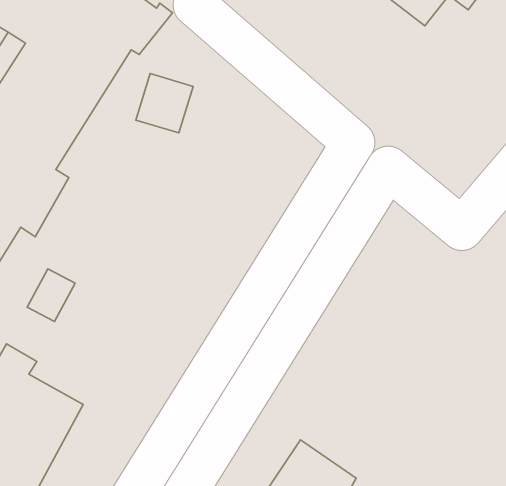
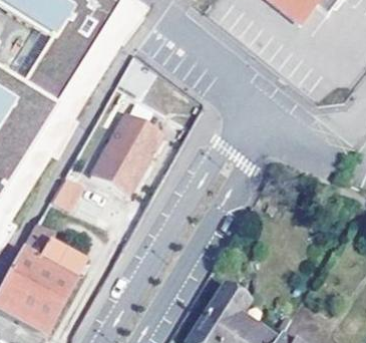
building: none -> [90,109,163,192]

